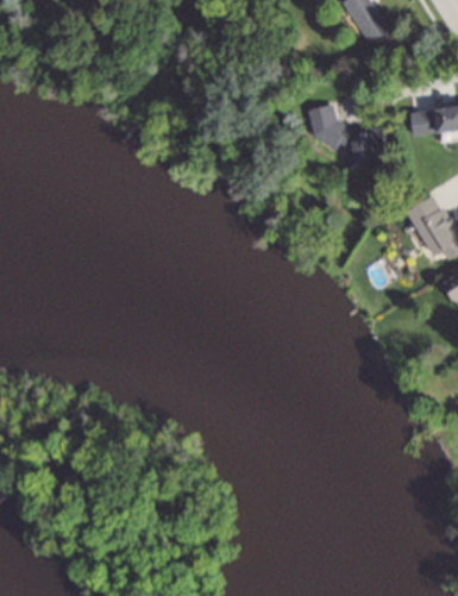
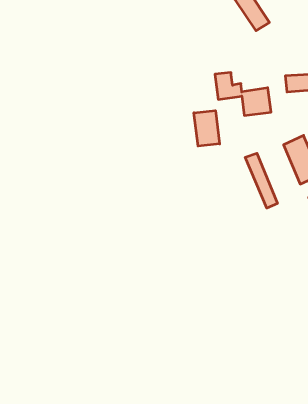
building: none -> [194,111,220,146]
building: none -> [245,153,277,208]

